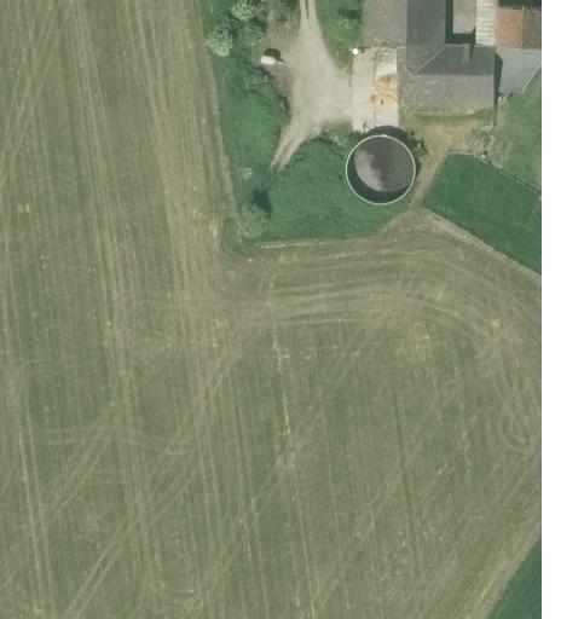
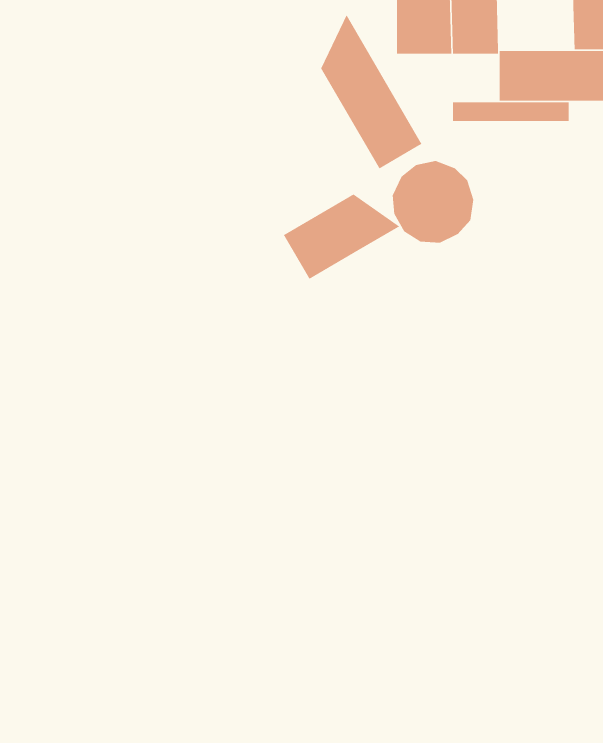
building: none -> [320,14,422,169]
building: [406,47,445,86] -> none
building: none -> [283,194,401,280]

